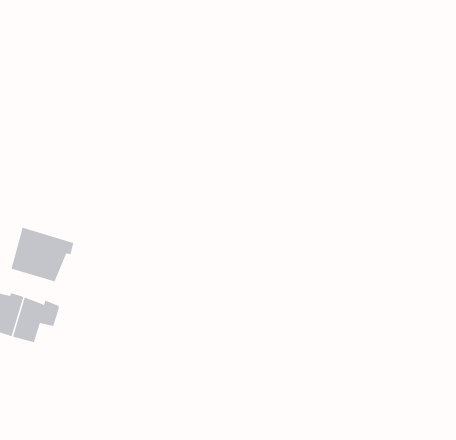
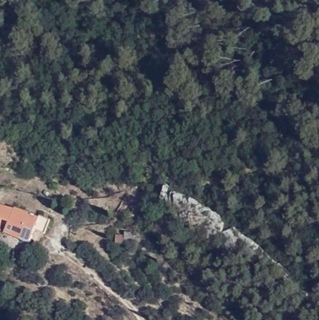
building: [11,227,74,282] -> none

